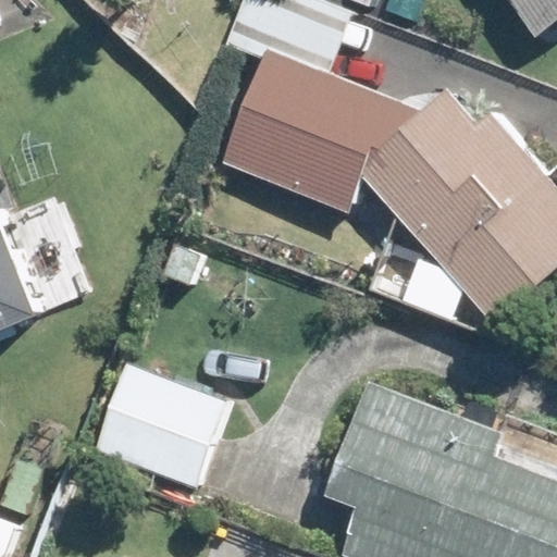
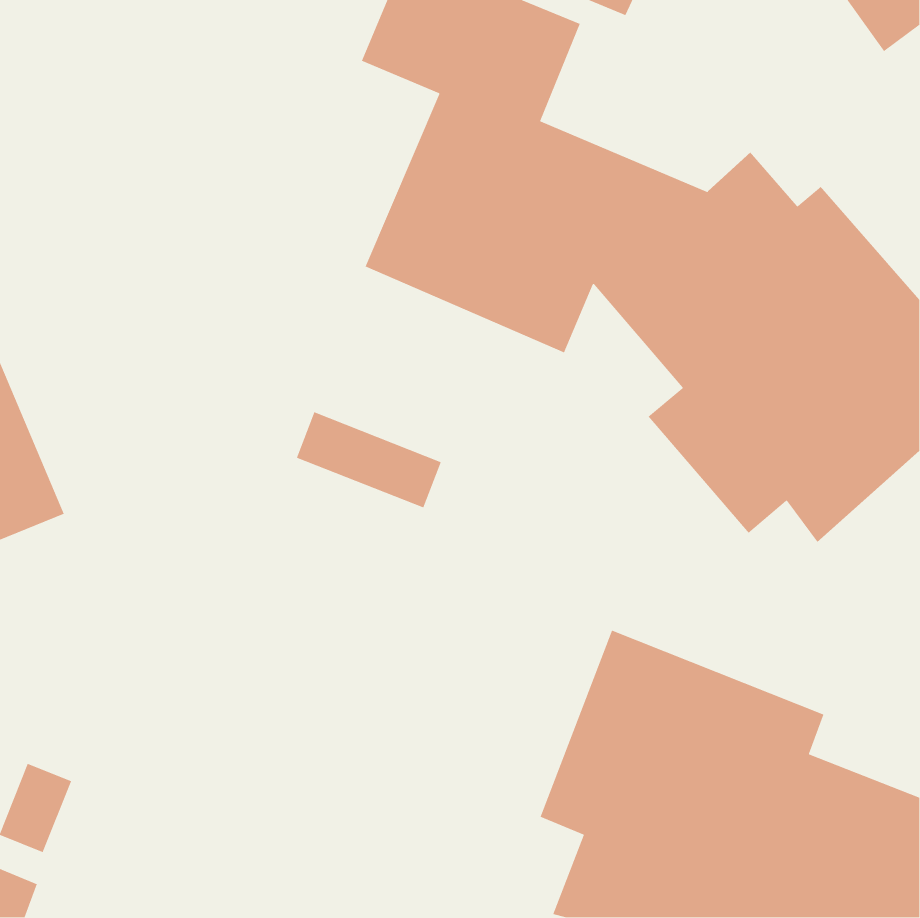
building: [95,362,230,487] -> none

